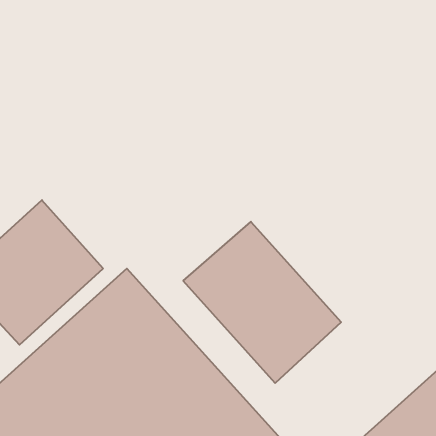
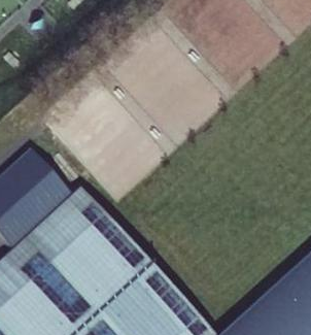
building: [183,222,341,383] -> none

